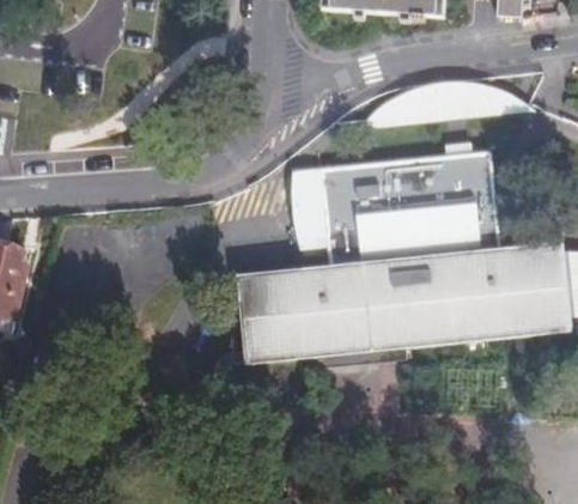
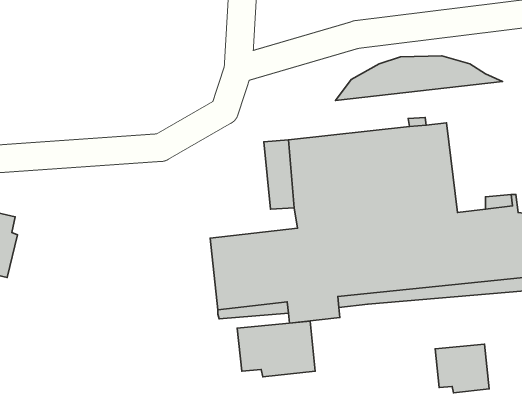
building: none -> [237,321,315,377]
building: none -> [435,344,489,393]

